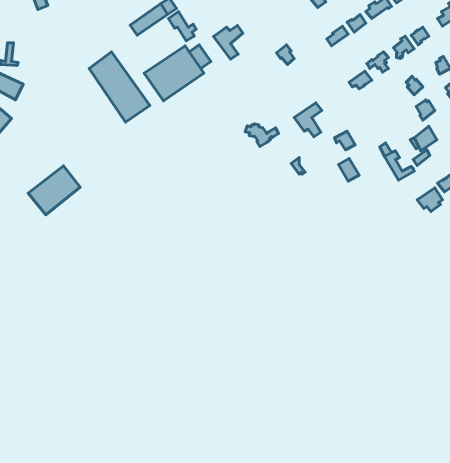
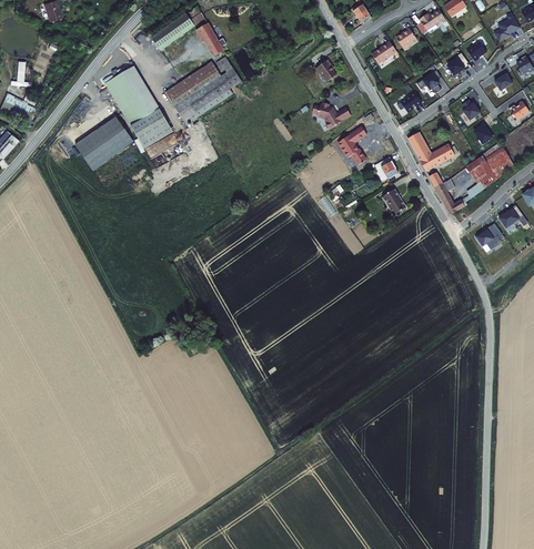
building: [213,26,243,59] -> none
building: none -> [410,133,461,172]
building: [245,124,278,146] -> [311,103,349,129]
building: [28,166,80,215] -> [73,118,132,173]

